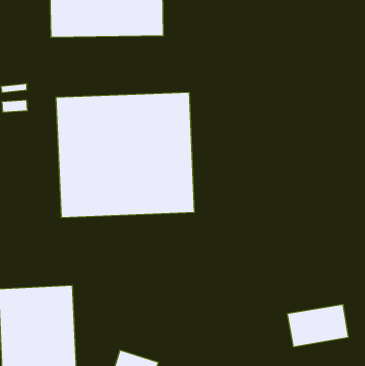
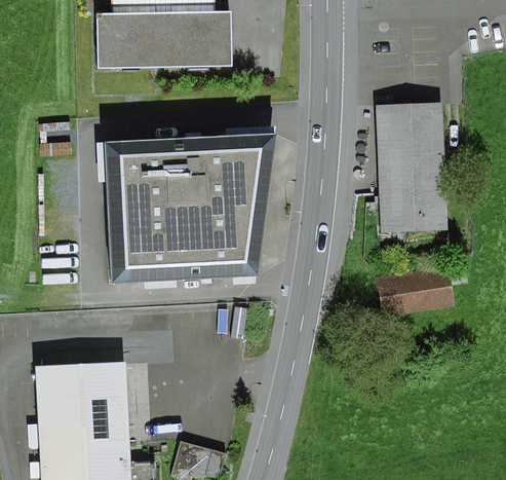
building: none -> [375,105,445,232]
building: [287,304,348,347] -> [379,266,452,317]

